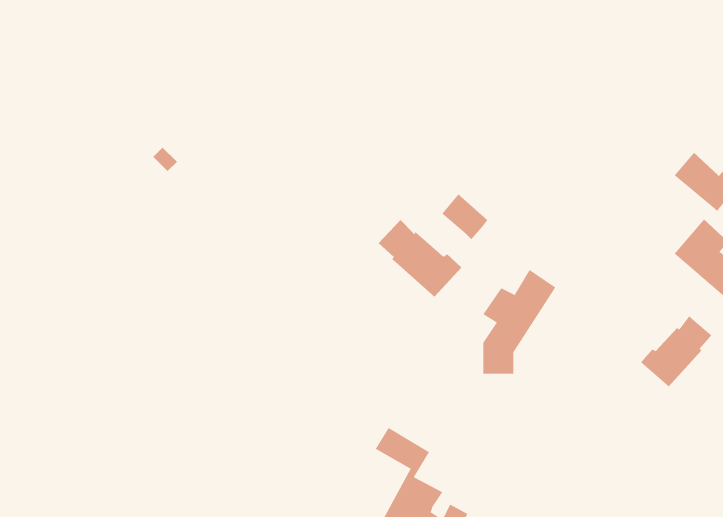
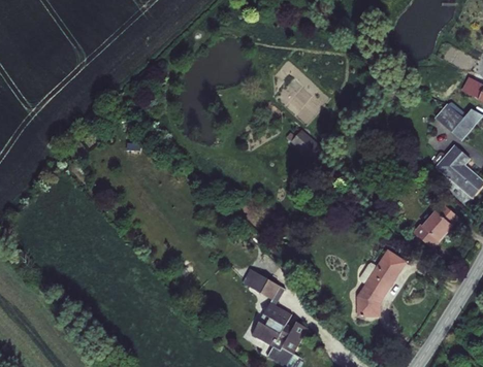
building: [378,219,462,298] -> none
building: [483,269,556,374] -> [358,251,404,315]

